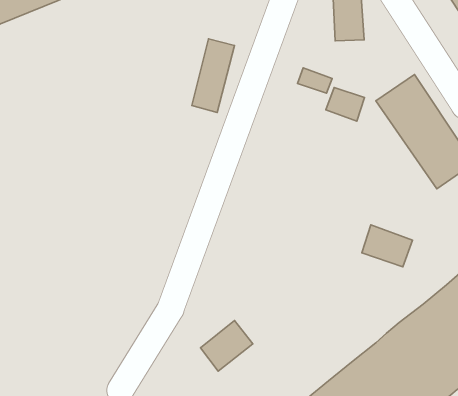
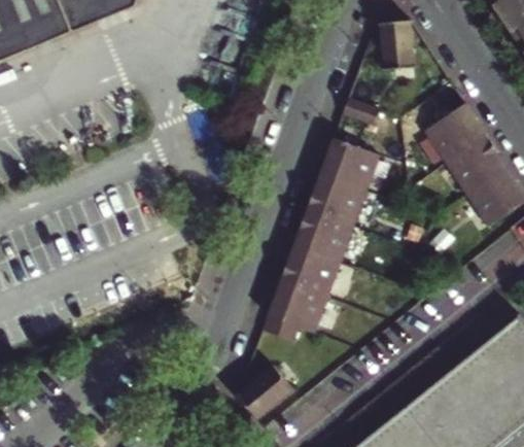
building: [326,87,364,121] -> none
building: none -> [264,136,380,340]
building: [362,225,413,267] -> none

